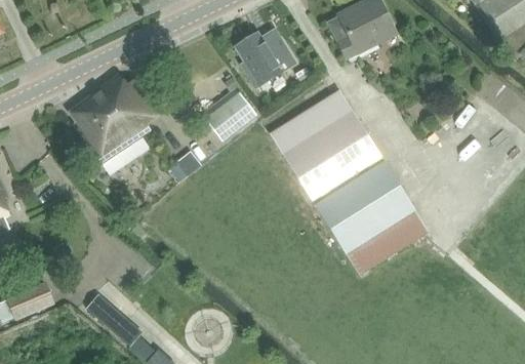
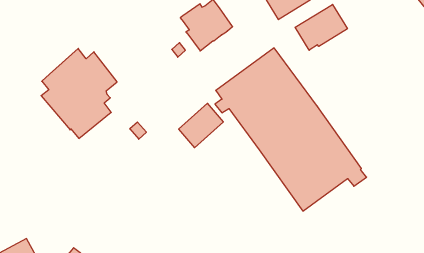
building: none -> [295,4,347,50]
building: [206,91,257,140] -> [179,103,223,148]

